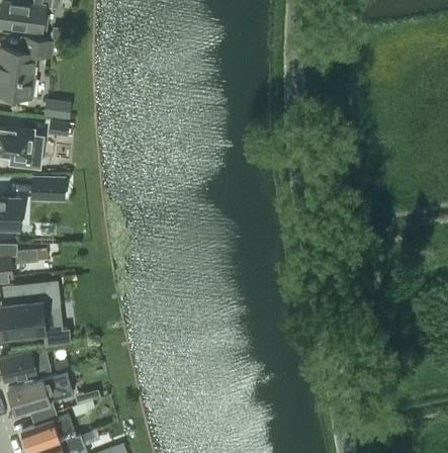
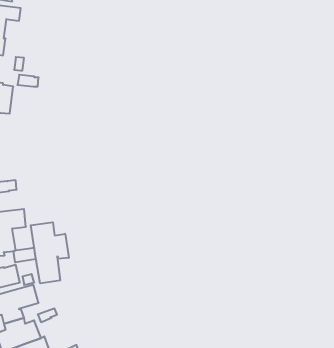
building: [31,178,64,201] -> none
building: none -> [31,222,69,283]

